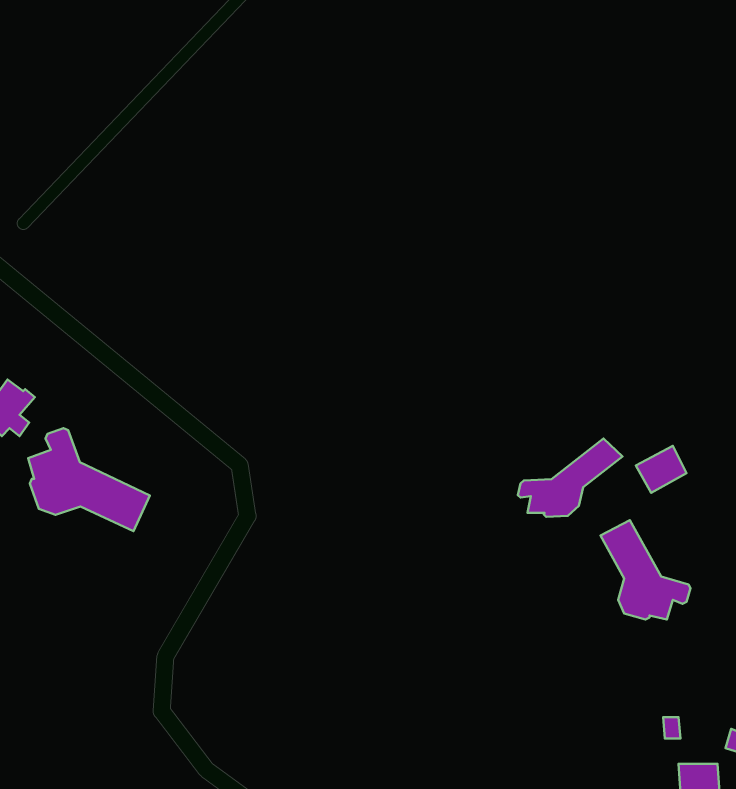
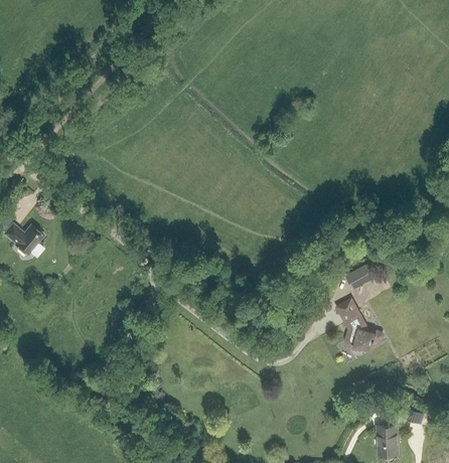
building: [28,428,150,531] -> none
building: [518,439,623,517] -> none

